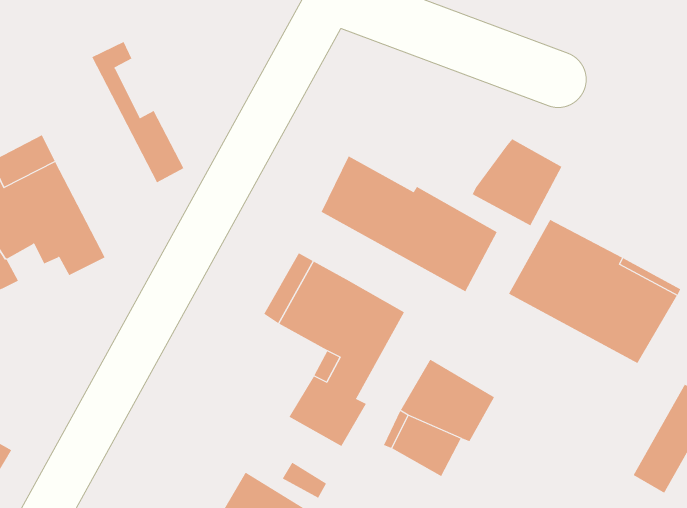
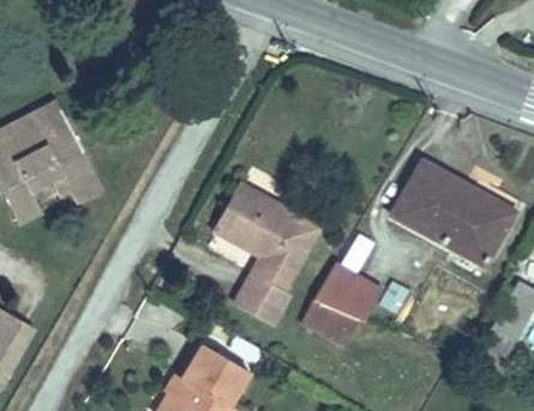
building: [91,41,184,183] -> none
building: [472,138,562,226] -> none
building: [321,156,497,292] -> none

